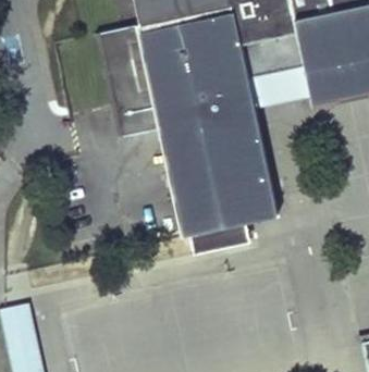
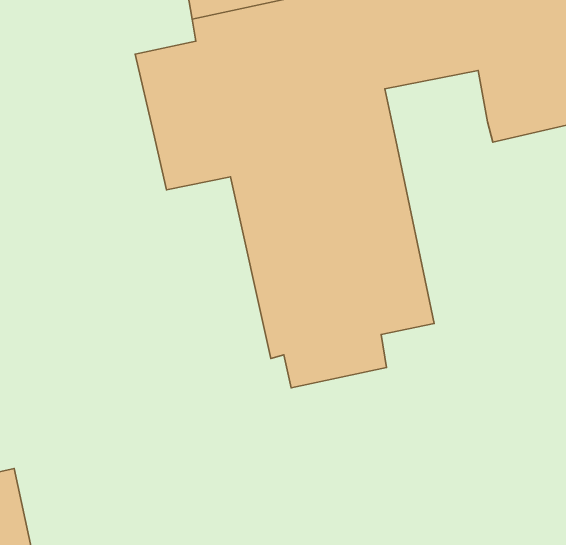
building: [247,54,308,96] -> none

